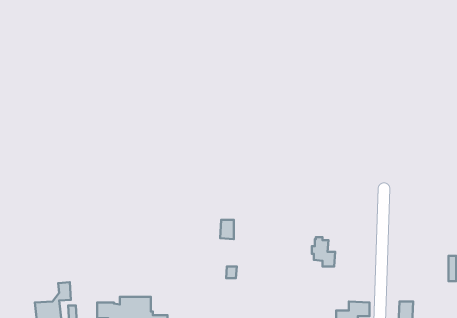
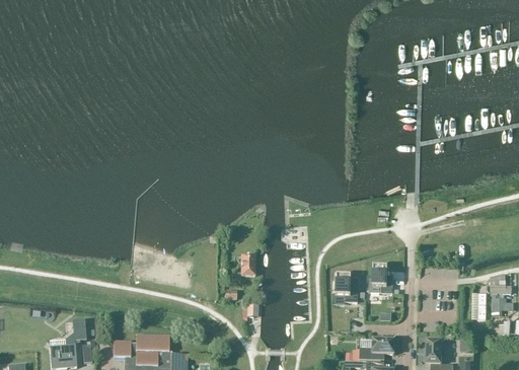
building: none -> [368,267,393,293]

